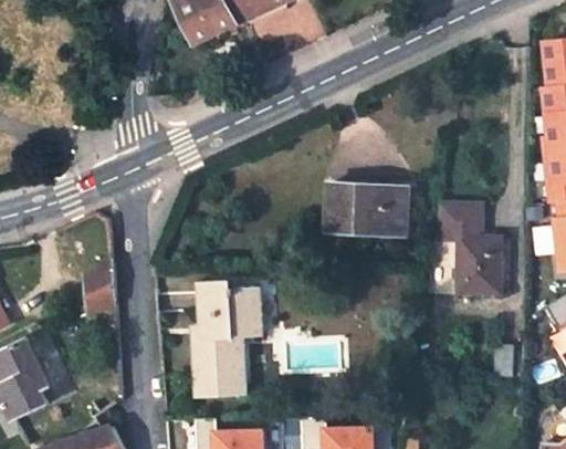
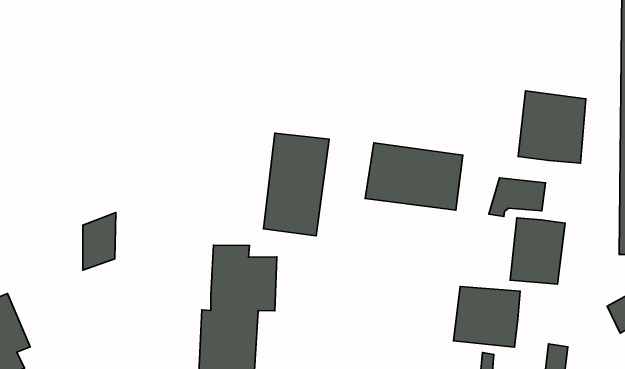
building: none -> [518,91,586,163]
building: none -> [263,133,329,236]
building: none -> [453,286,520,347]

